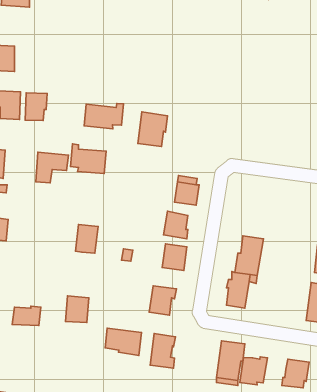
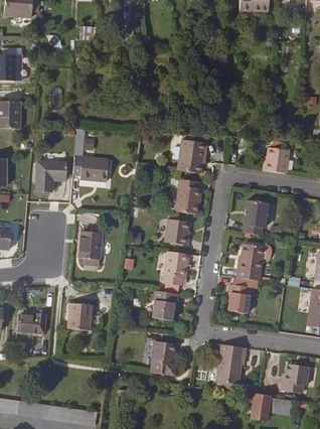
building: [25,93,47,121] -> none
building: [84,104,123,129] -> none
building: [138,112,168,147] -> [178,137,207,171]
building: none -> [265,147,291,173]
building: none -> [243,199,268,235]
building: [105,328,141,356] -> none
building: [240,357,267,385] -> none

